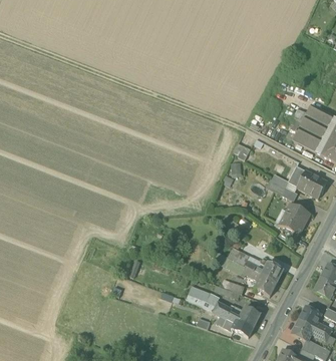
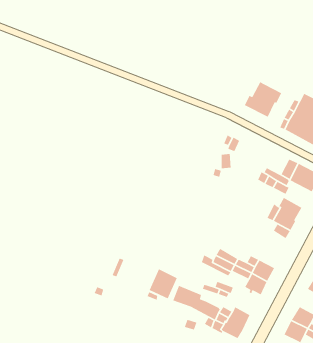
building: none -> [244,81,282,118]
building: none -> [149,268,178,299]

